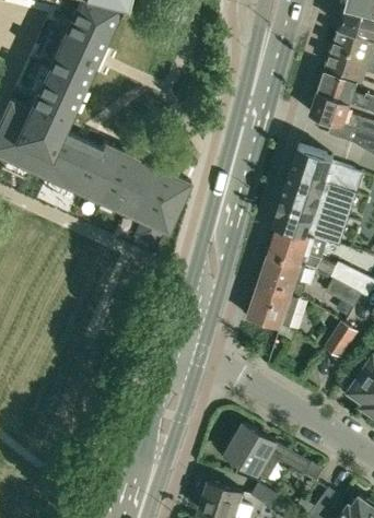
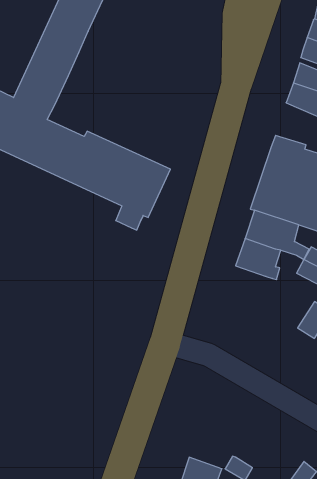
building: [246,283,300,331] -> none
building: [224,424,324,481] -> none

